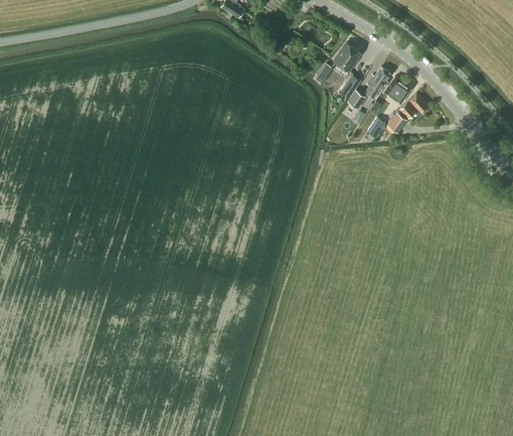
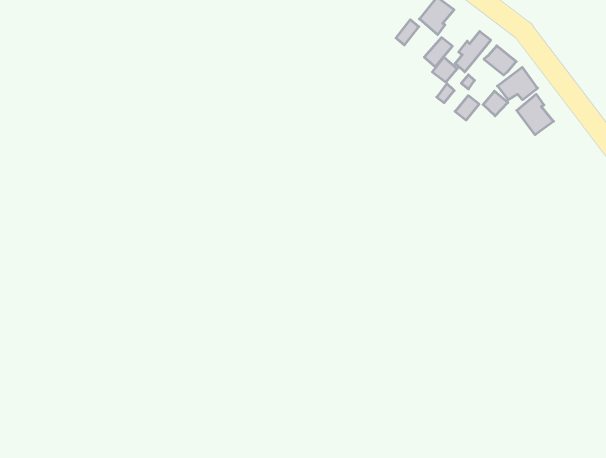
building: none -> [517,94,554,135]

